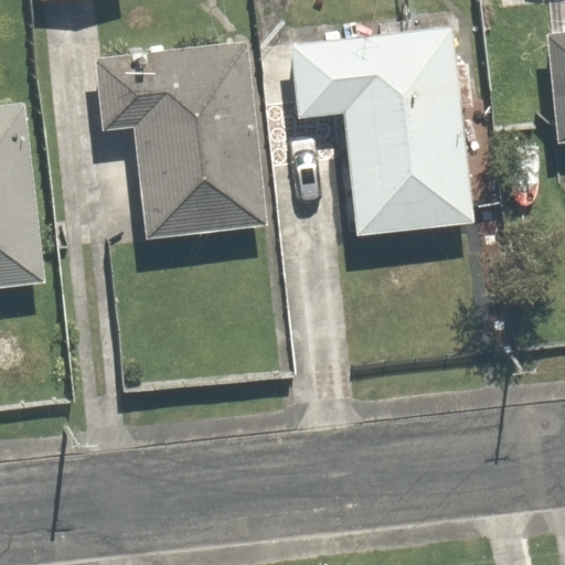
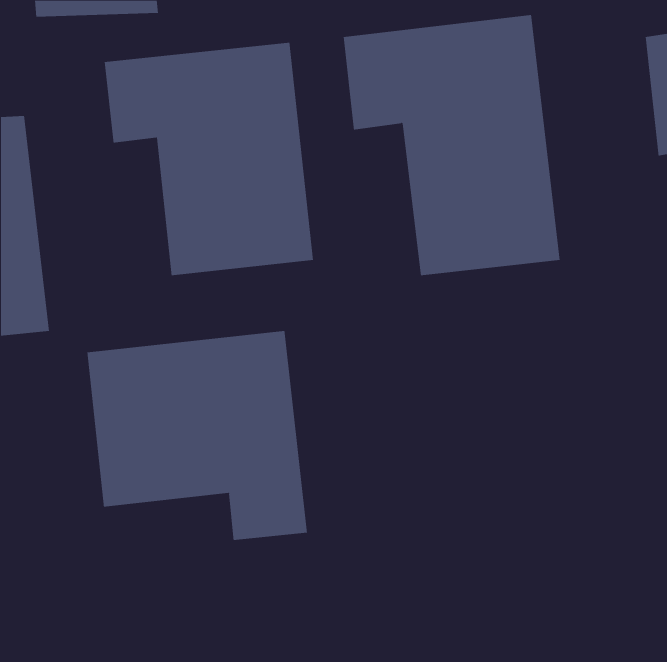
building: none -> [87,330,307,541]

